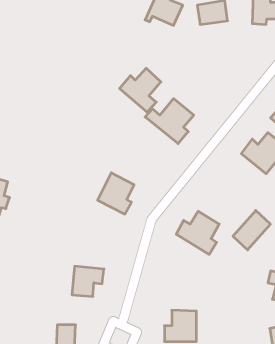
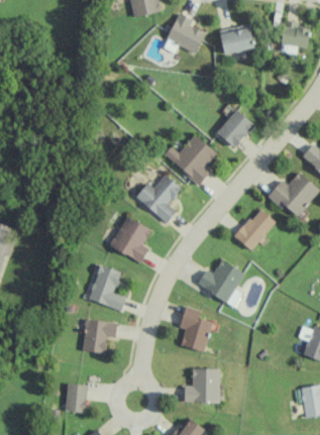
building: [120,68,161,112] -> [135,175,181,223]
building: none -> [216,110,253,147]
building: [233,210,270,250] -> [234,208,276,251]
building: none -> [88,265,125,311]
building: none -> [180,307,210,351]

